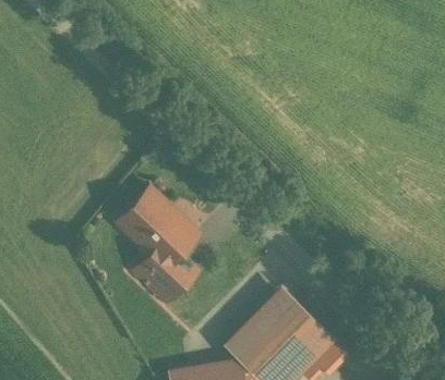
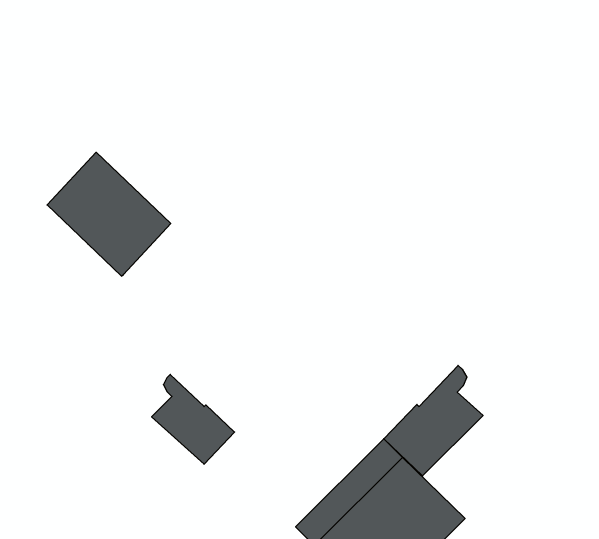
building: [119,187,199,267] -> [47,152,171,276]
building: none -> [384,365,483,476]

